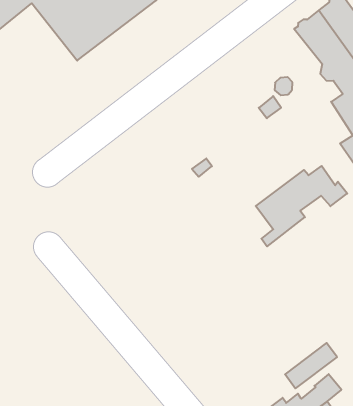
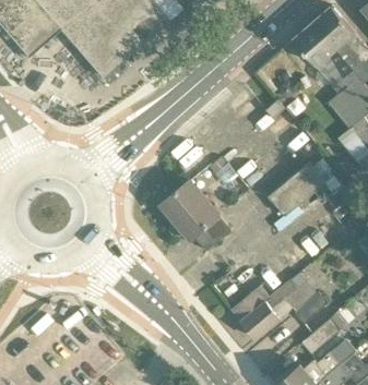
building: none -> [159,178,230,250]
building: none -> [229,272,327,338]

